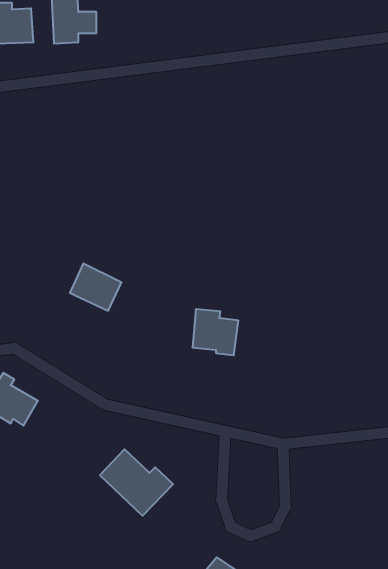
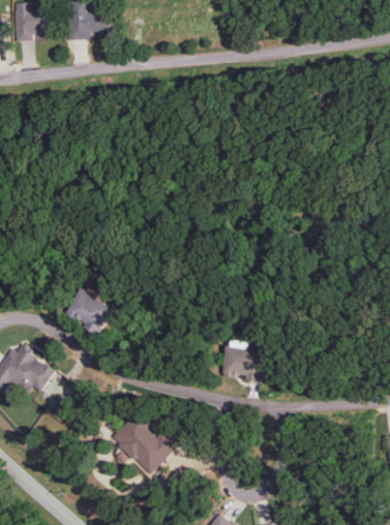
building: [70,263,122,311] -> [65,288,113,332]
building: [192,309,238,355] -> [221,340,264,382]

